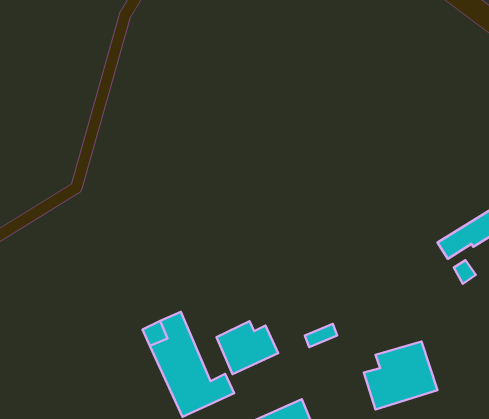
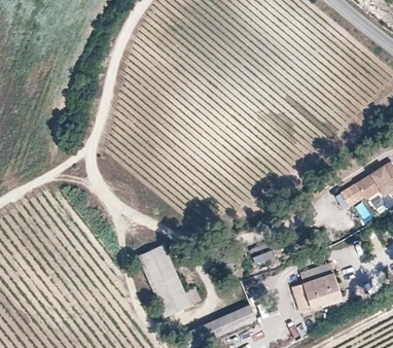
building: [216,321,278,374] -> none

